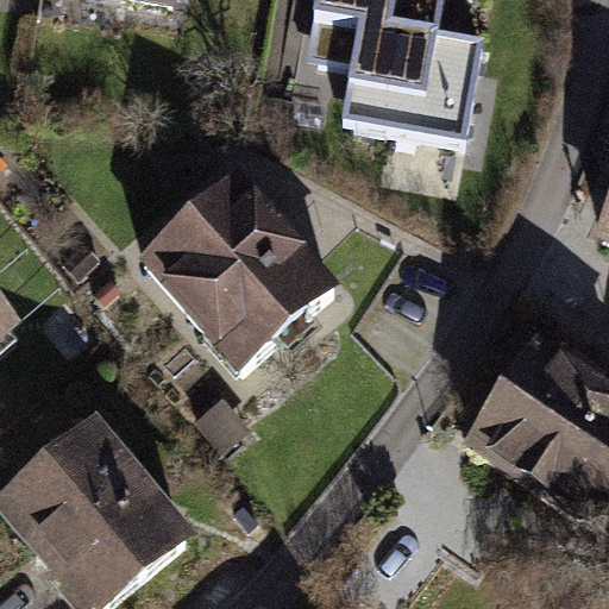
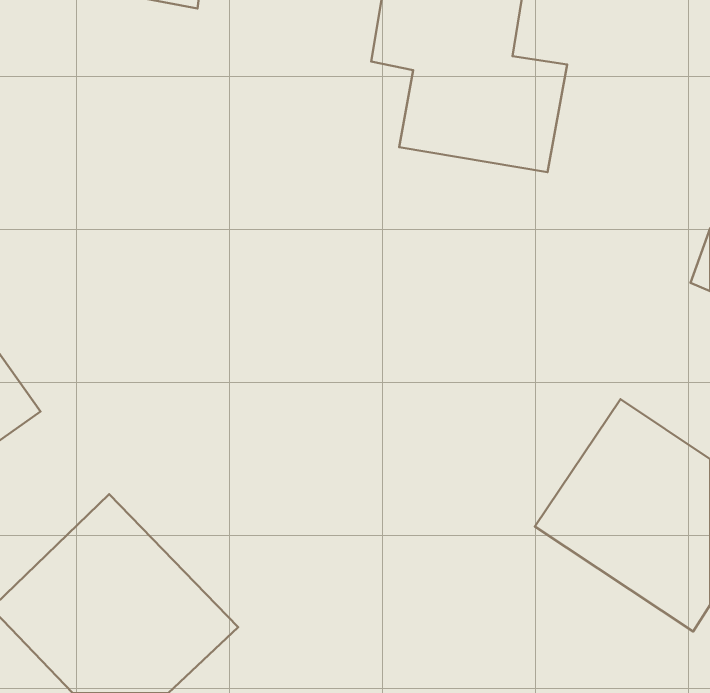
building: [140,178,345,389] -> none

